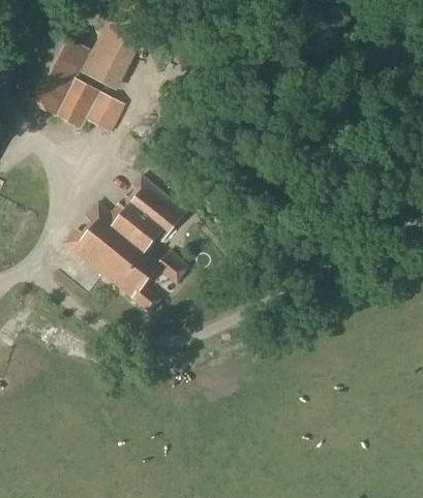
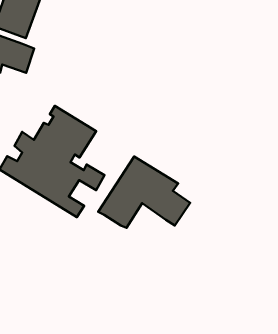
building: none -> [98,157,190,228]

